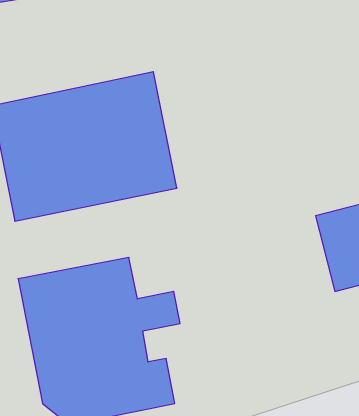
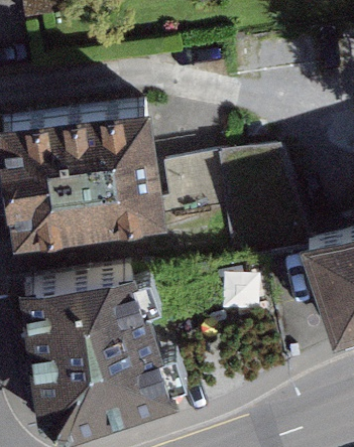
building: none -> [181,142,324,249]

